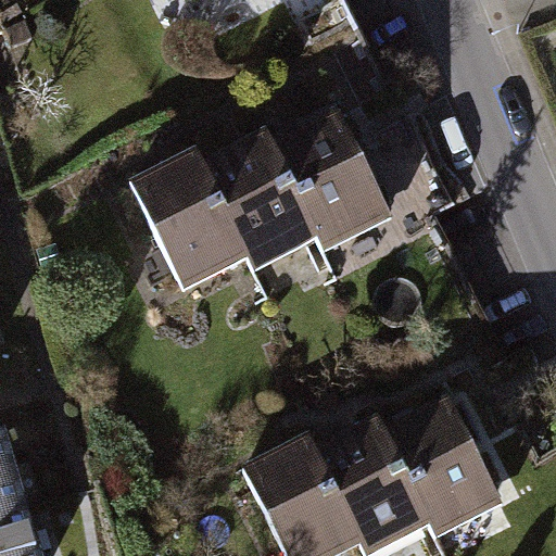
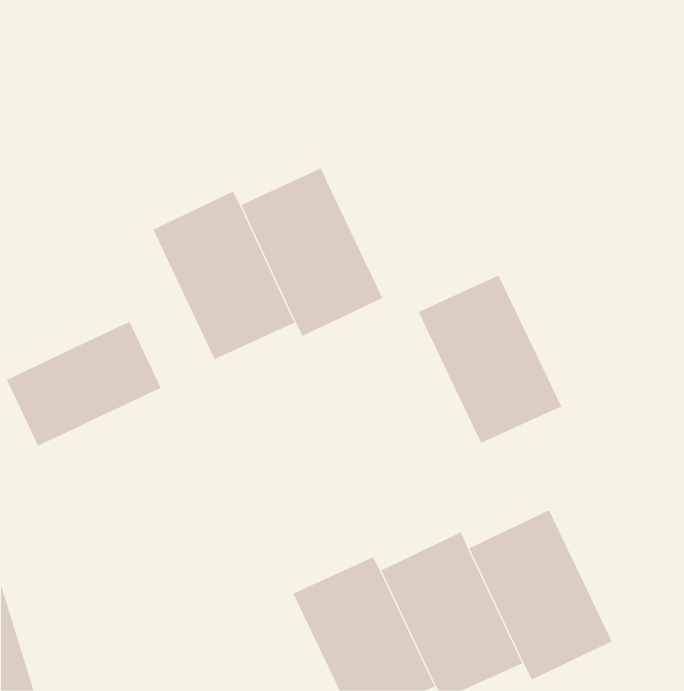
building: [274,115,388,249] -> [418,275,562,444]
building: none -> [6,321,162,446]

